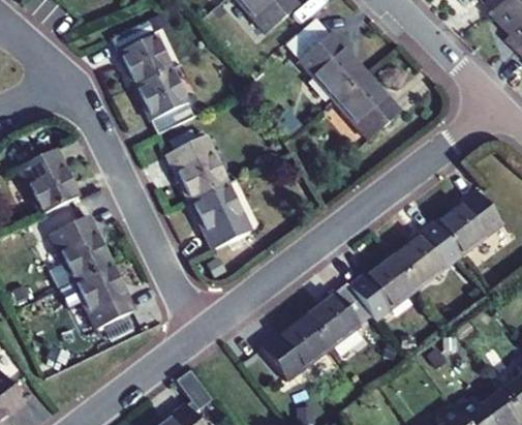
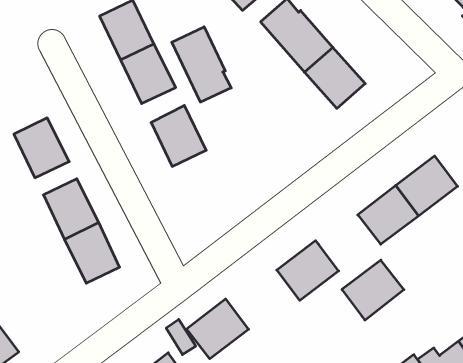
building: none -> [172,27,231,102]
building: [191,184,251,249] -> none
building: [350,254,418,320] -> [342,260,404,320]
building: [263,314,330,380] -> [187,299,249,359]

